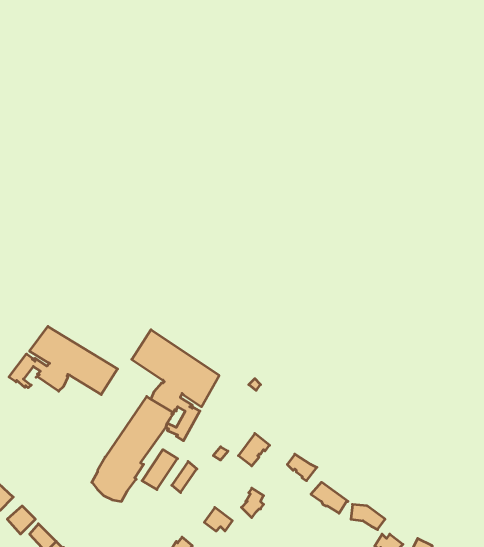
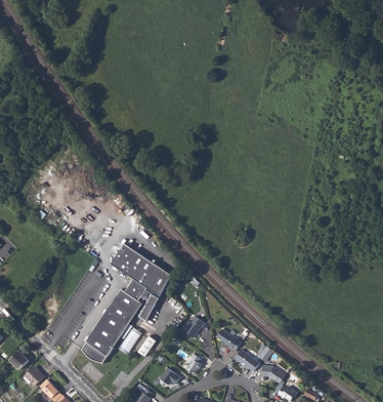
building: [9,326,118,395] -> none

